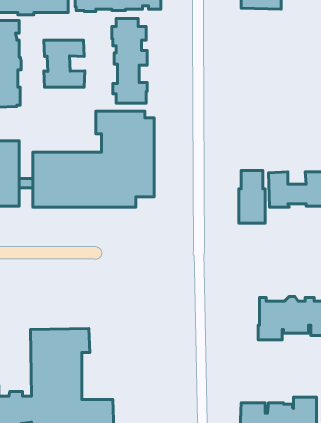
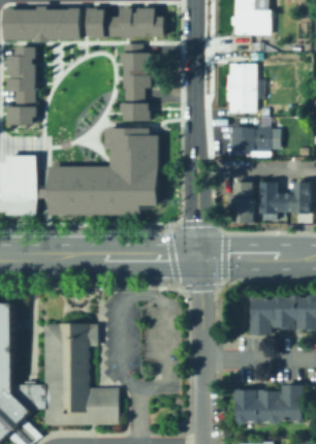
building: none -> [227,63,253,112]
building: [44,40,85,87] -> none
building: none -> [231,127,272,153]

